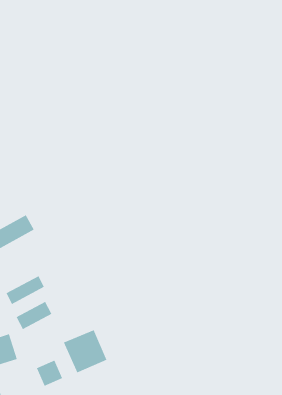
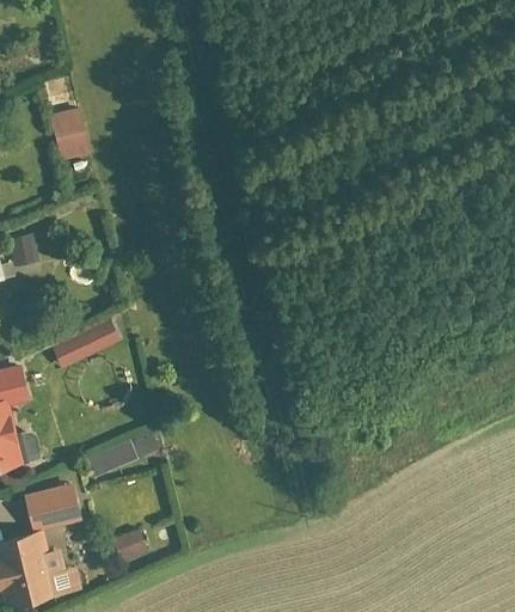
building: [5,275,45,305] -> none
building: [63,329,107,374] -> none

